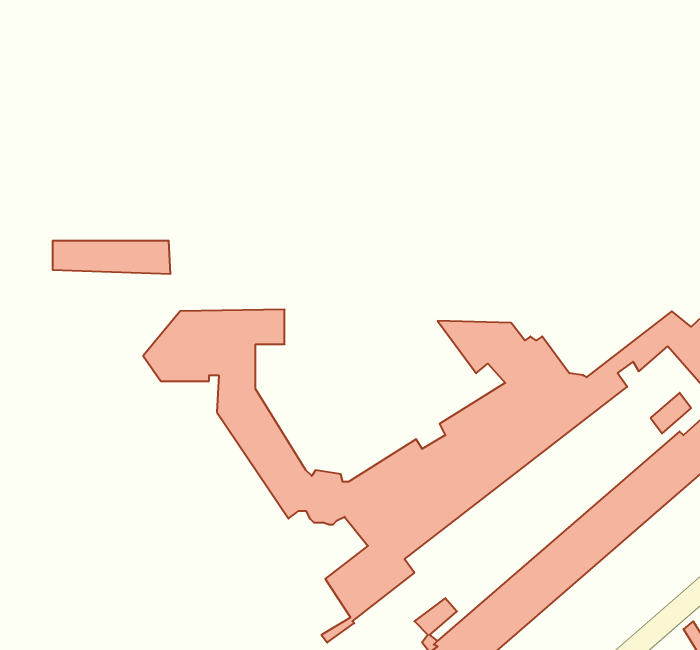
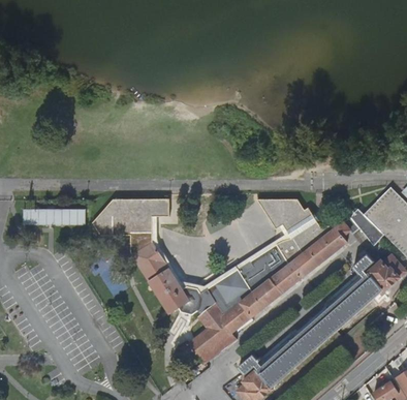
building: [53,241,171,274] -> [23,209,86,226]

